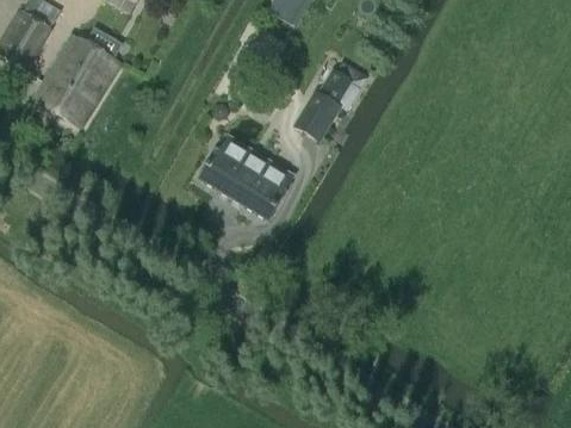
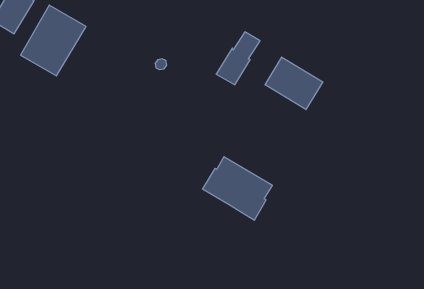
building: none -> [265,57,323,110]
building: [199,136,292,221] -> [202,157,272,220]

